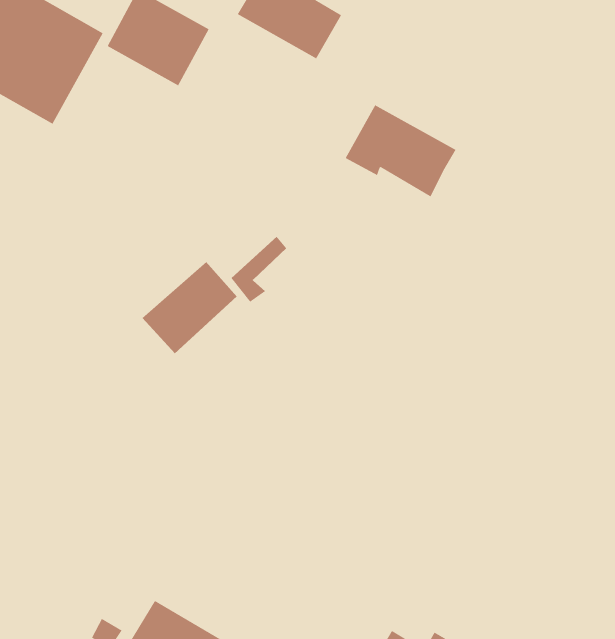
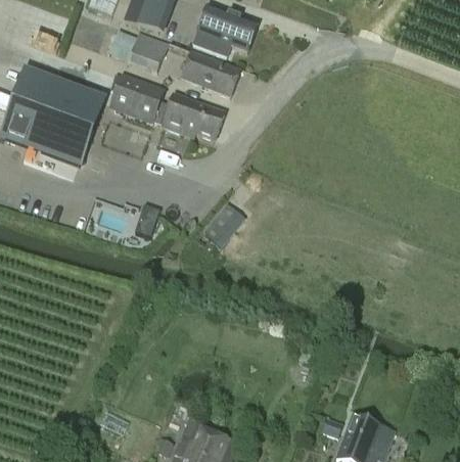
building: [345,104,456,197] -> [162,93,225,141]
building: [141,261,237,354] -> none

